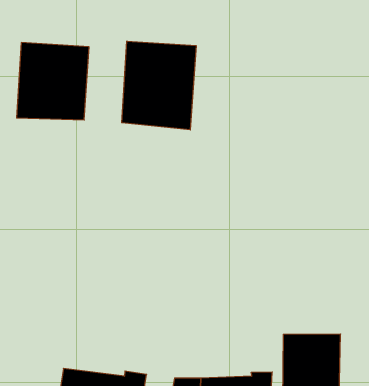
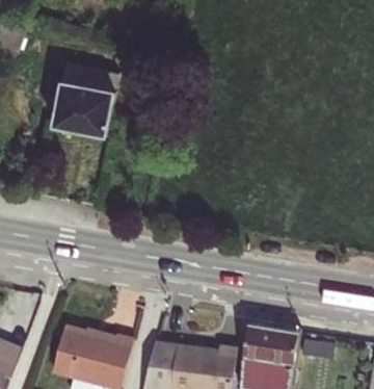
building: [122,41,196,130] -> none

